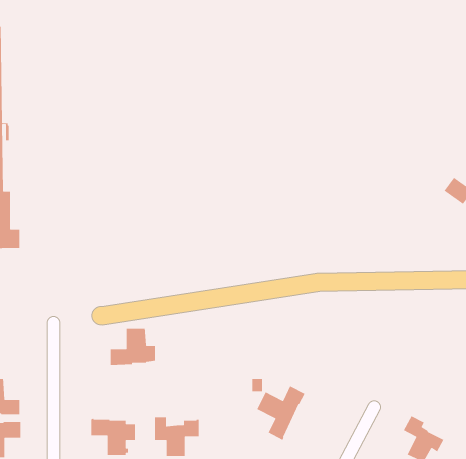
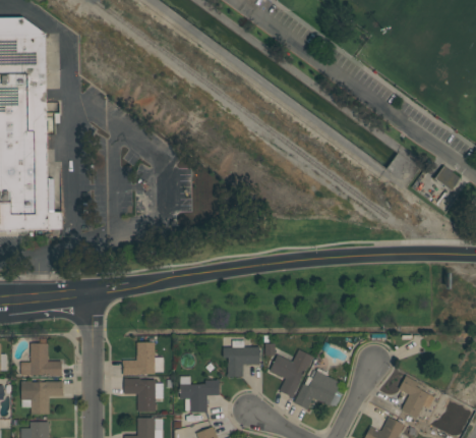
building: [110,328,156,366] -> [122,342,163,376]
building: none -> [223,340,259,377]
building: none -> [293,369,340,409]

